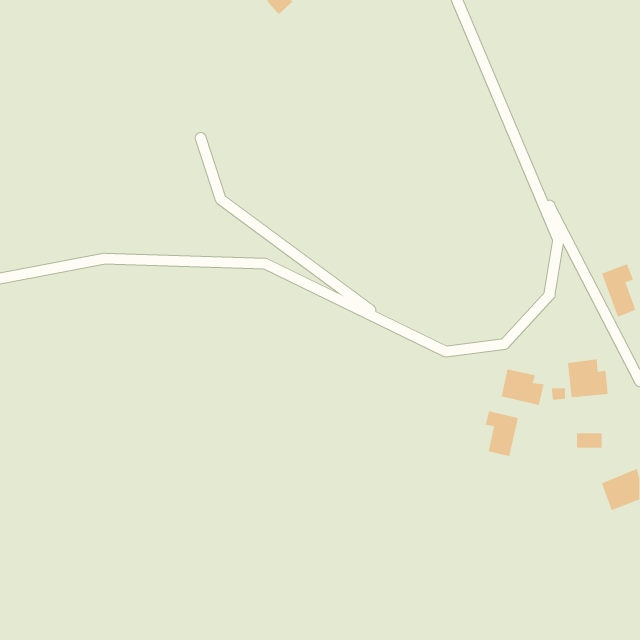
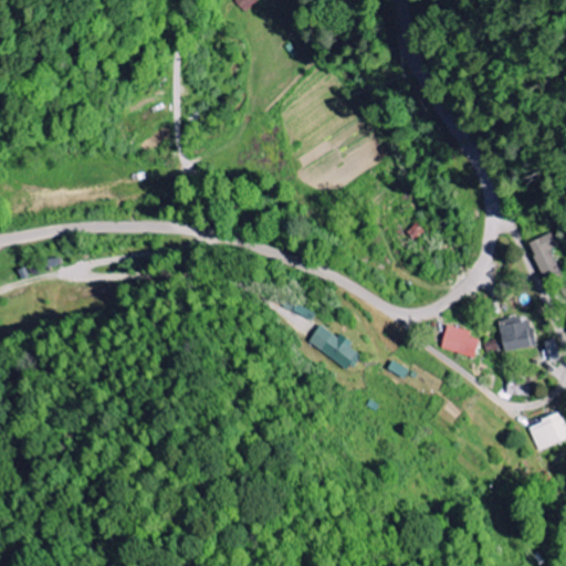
building: none -> [308,324,360,370]
building: [485,411,518,457] -> none

